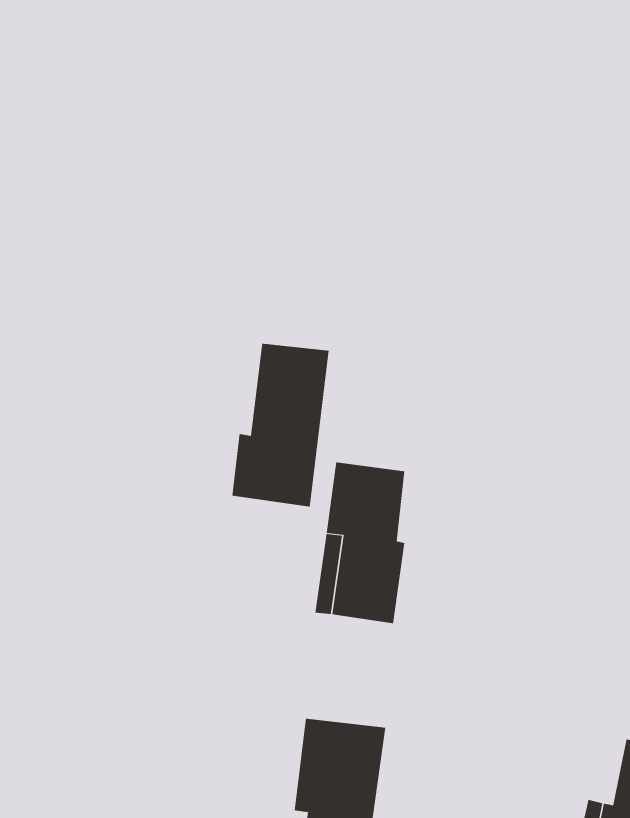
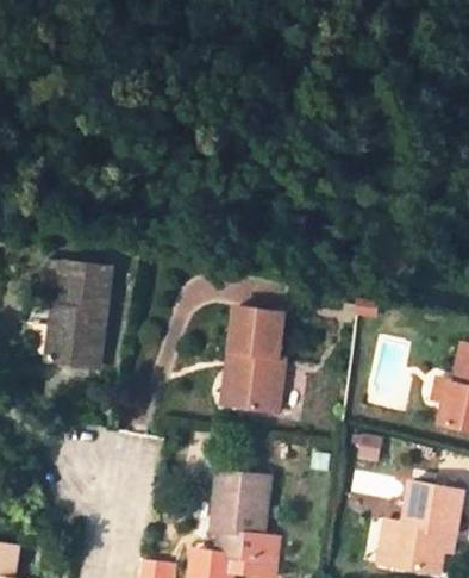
building: [231,343,329,507] -> [46,262,108,366]

